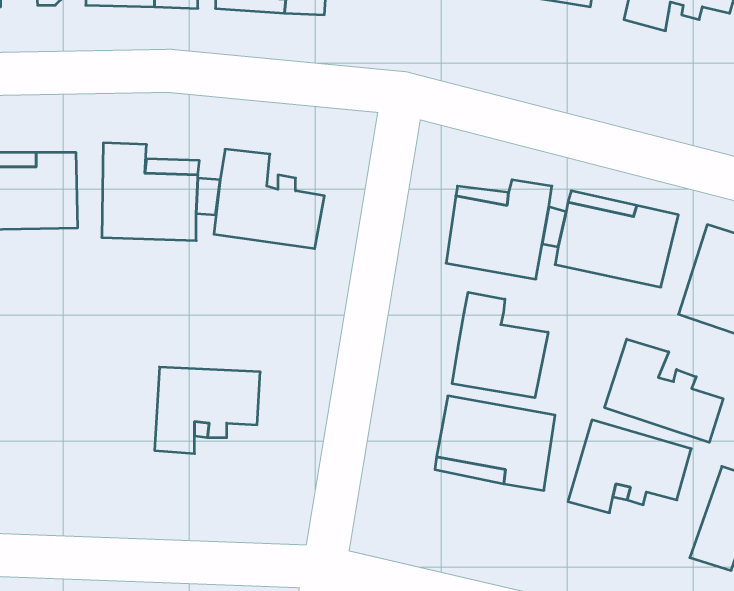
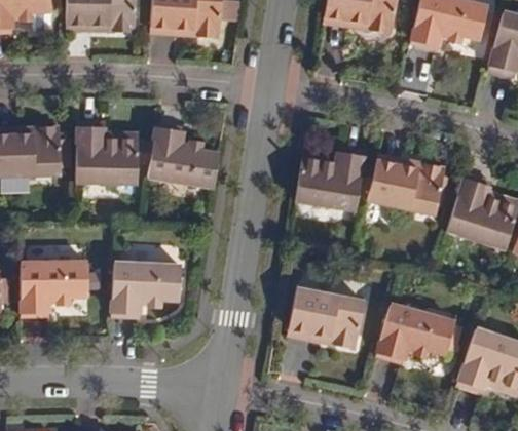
building: [452,292,548,398] -> none
building: [605,339,723,442] -> none
building: none -> [20,262,86,318]

